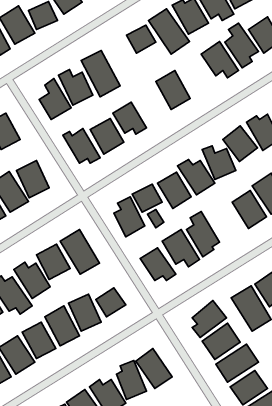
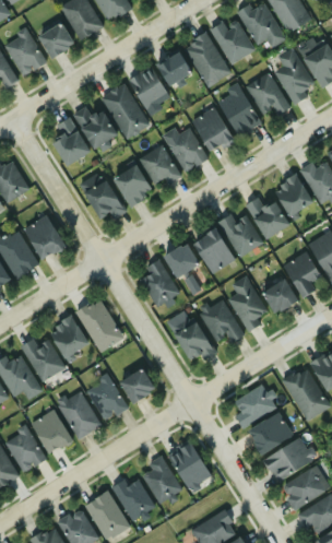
building: none -> [128,67,168,110]
building: none -> [217,87,261,138]
building: none -> [167,129,206,172]
building: none -> [261,279,297,314]

